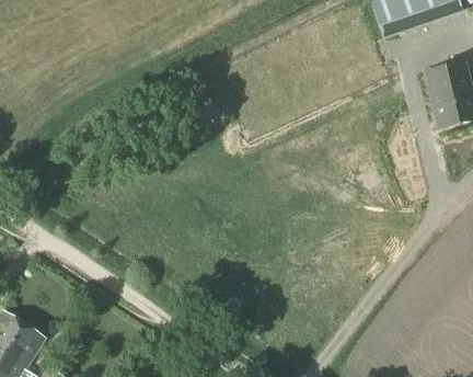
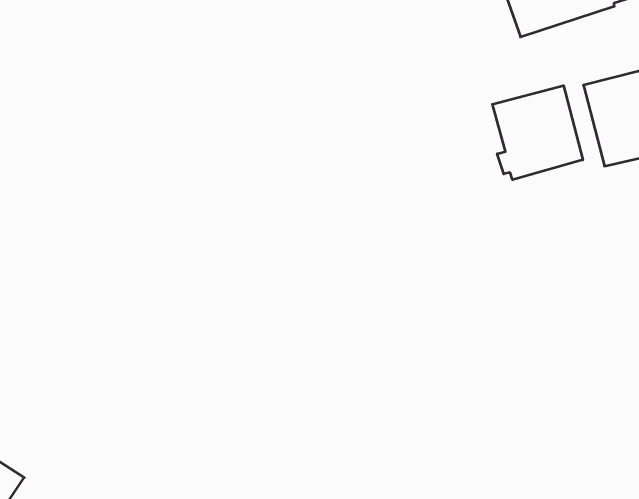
building: none -> [492,86,583,180]

